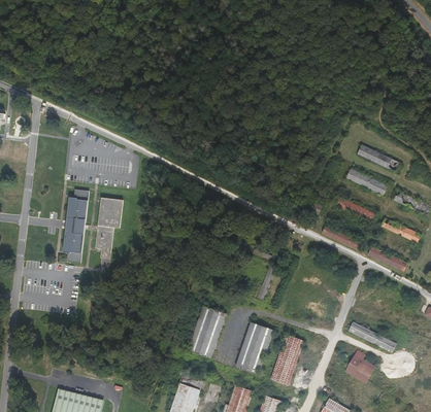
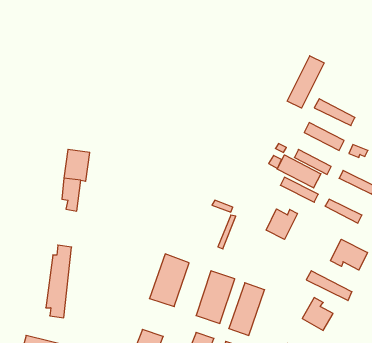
building: none -> [287,56,324,108]
building: [62,187,89,263] -> [46,245,72,318]
building: none -> [277,155,321,188]
building: none -> [266,209,297,239]
building: none -> [330,239,367,270]

